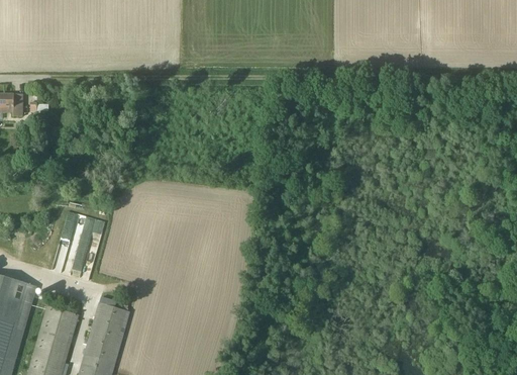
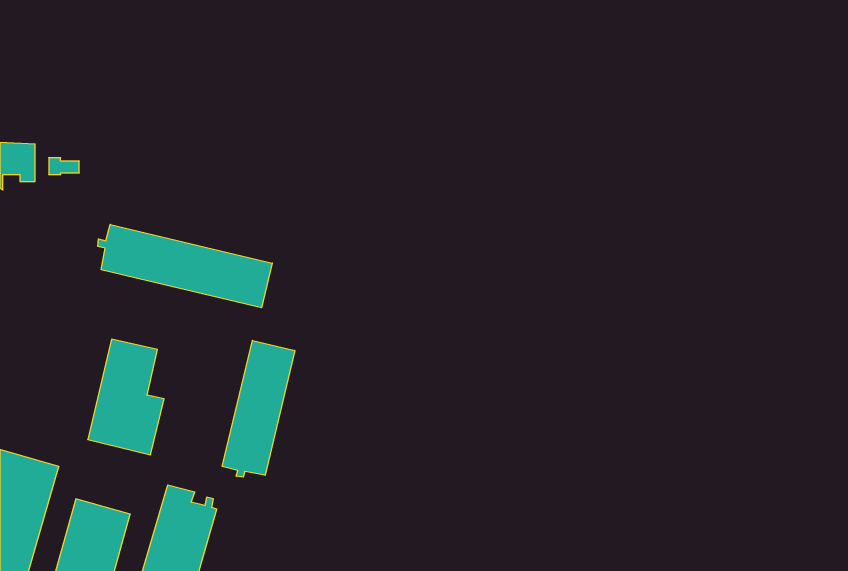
building: none -> [98,224,272,308]
building: none -> [222,340,295,477]

